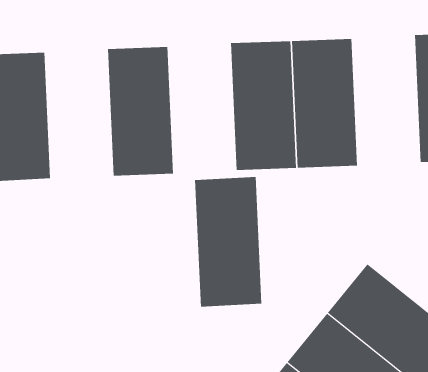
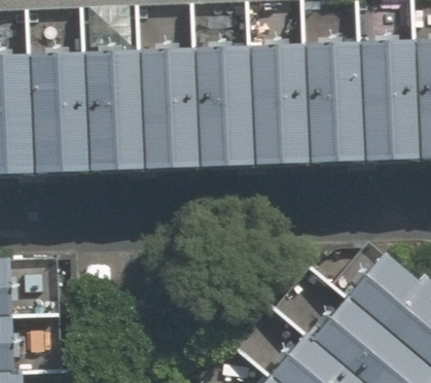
building: none -> [360,41,421,159]
building: none -> [85,54,146,170]
building: [194,176,262,307] -> [195,48,256,166]

